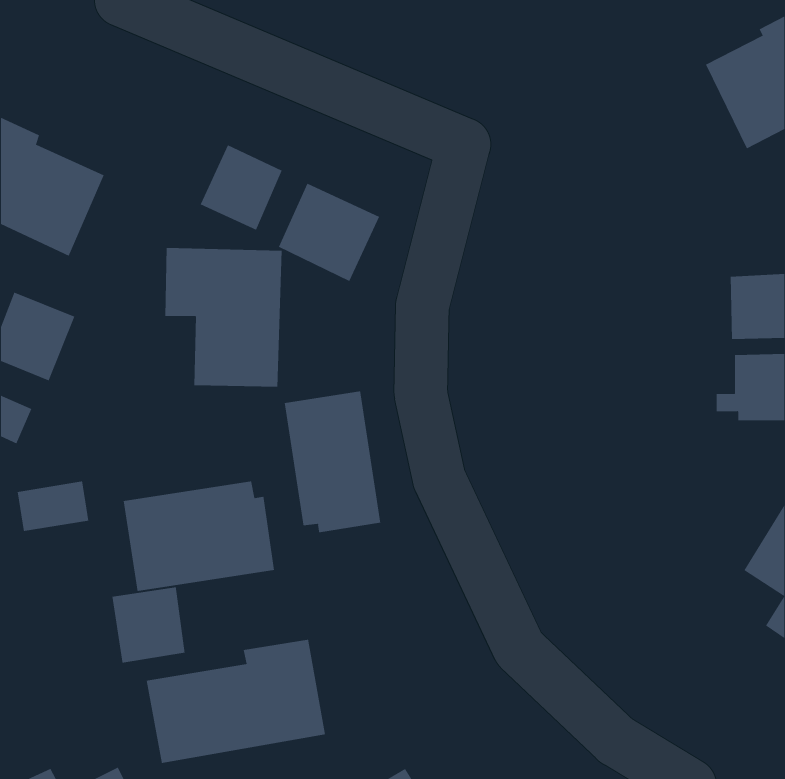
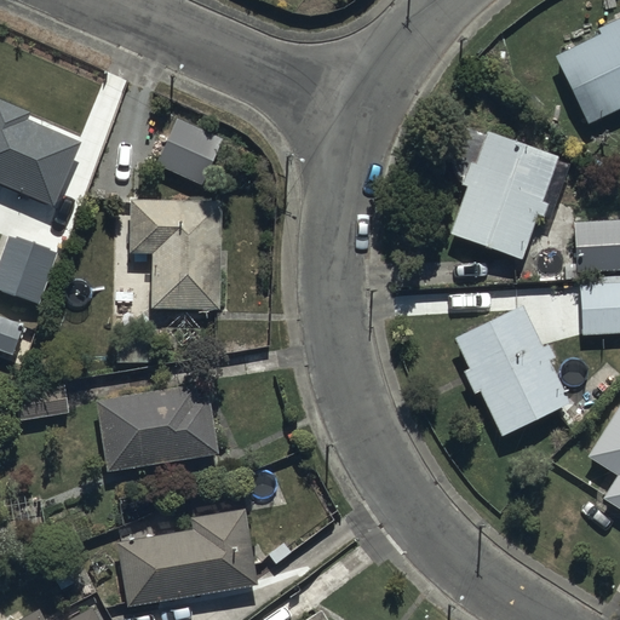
building: none -> [449,130,572,259]
building: [278,183,380,282] -> none
building: none -> [454,306,569,434]
building: [284,390,381,533] -> none
building: [112,586,185,663] -> none

